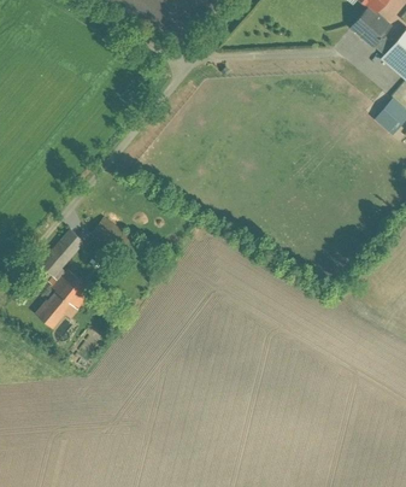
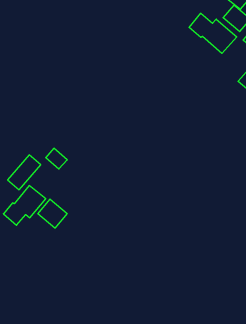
building: none -> [189,13,237,53]
building: none -> [38,199,67,228]

